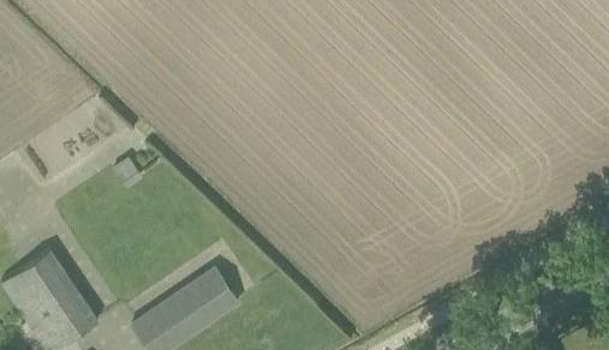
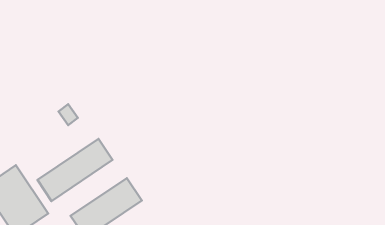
building: none -> [37,139,113,201]

